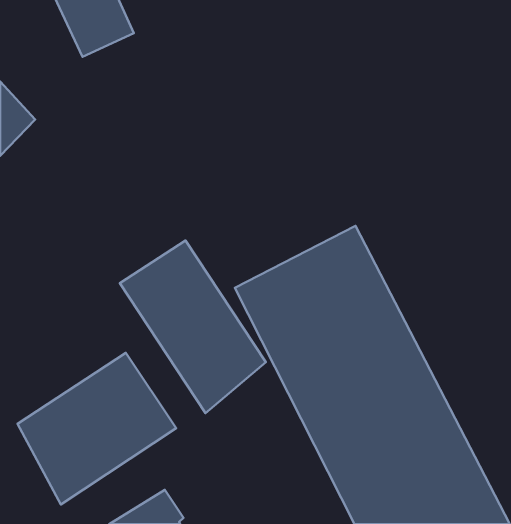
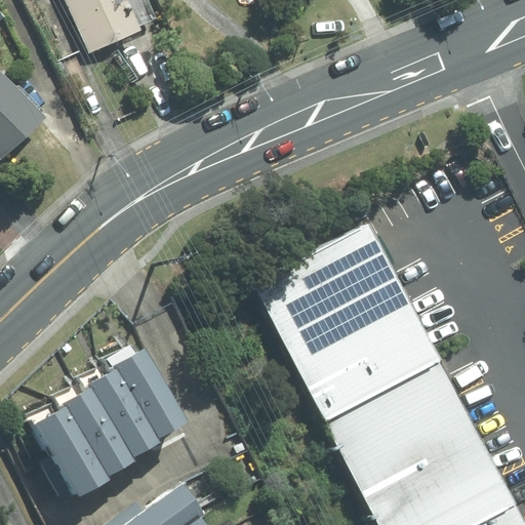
building: [120,241,266,413] -> none

